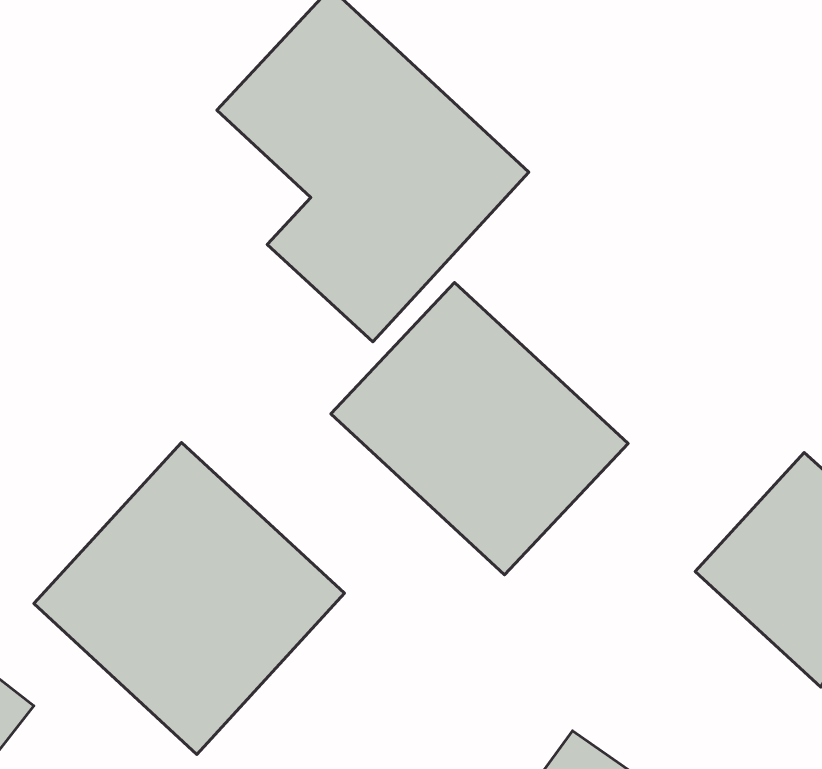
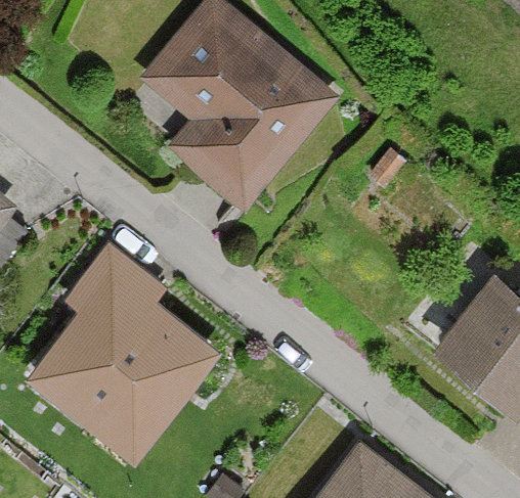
building: [331,282,628,575] -> none

